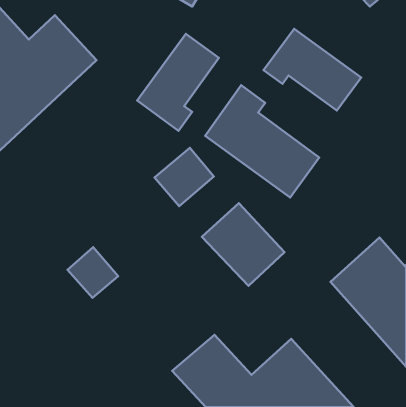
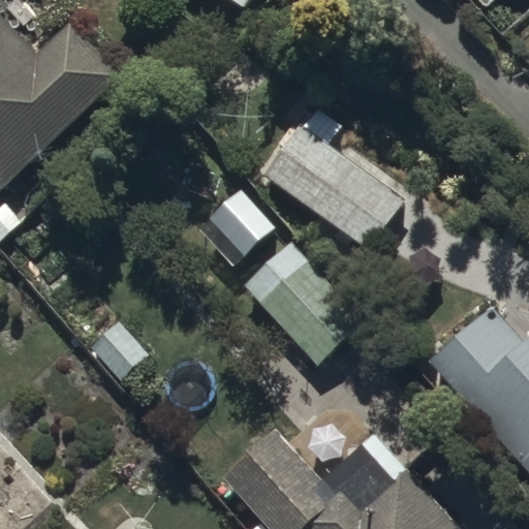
building: [263,29,361,110] -> none
building: [137,34,219,131] -> none

